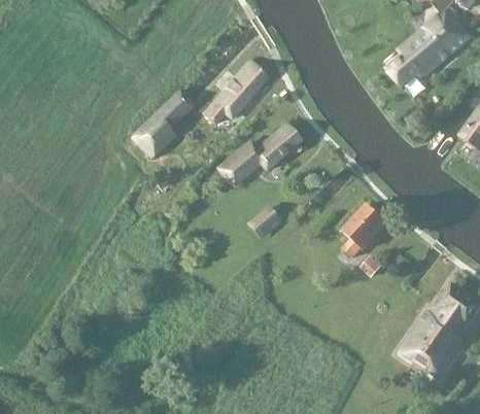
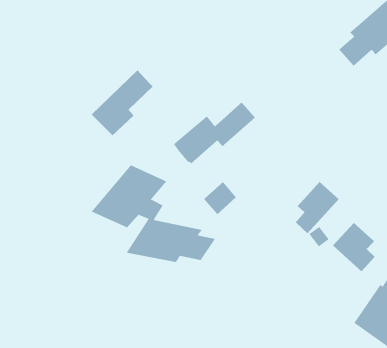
building: [204,61,268,123] -> none
building: none -> [91,164,216,263]
building: none -> [332,222,376,272]

